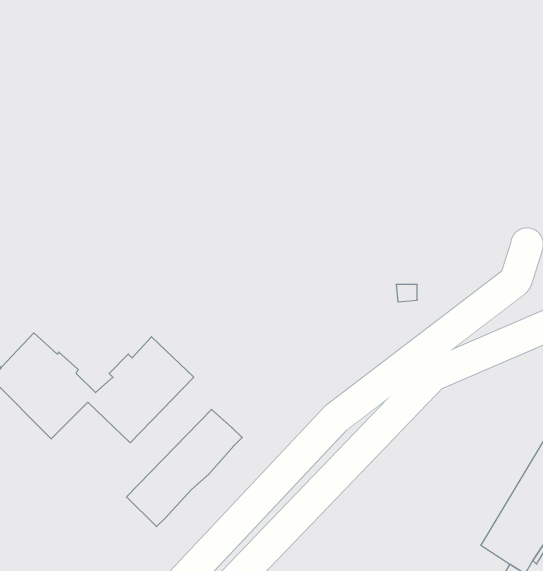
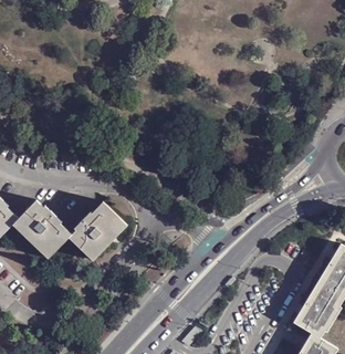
building: [127,409,242,527] -> none

